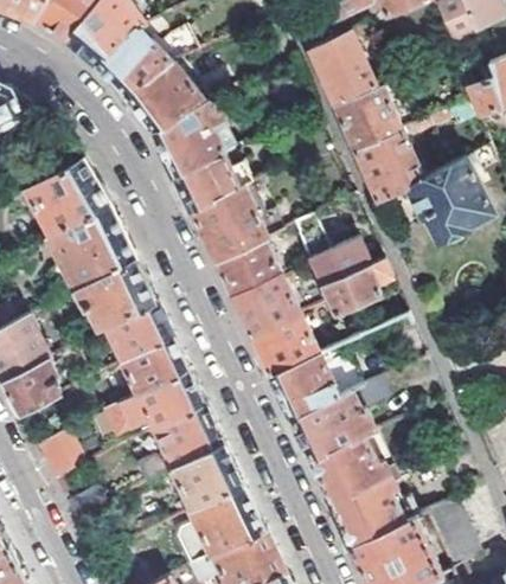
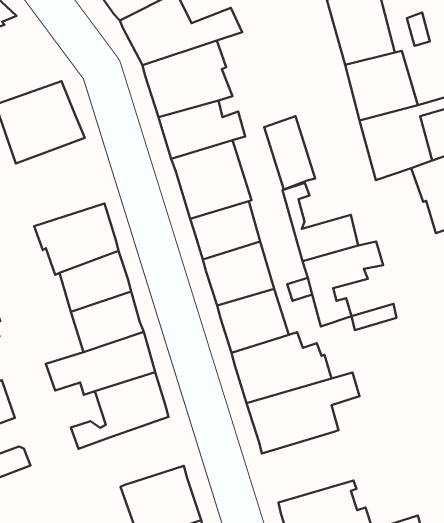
building: none -> [264,116,315,190]
building: [49,206,136,291] -> none
building: [309,435,395,505] -> none
building: [172,443,242,509] -> none

